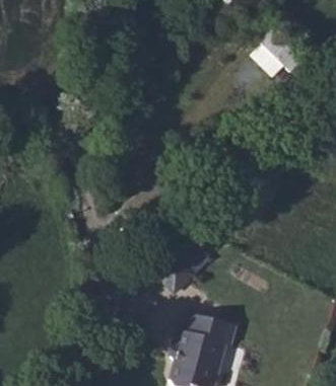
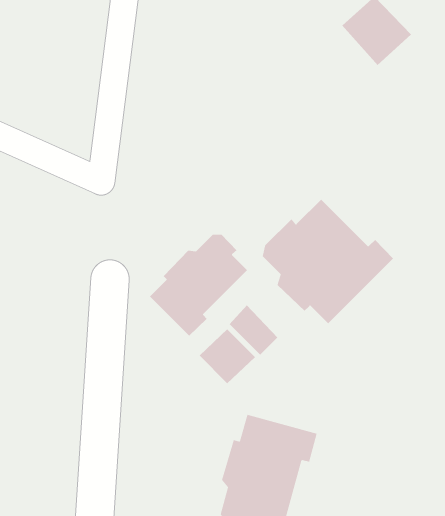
building: none -> [262,199,394,324]
building: none -> [149,234,248,337]

